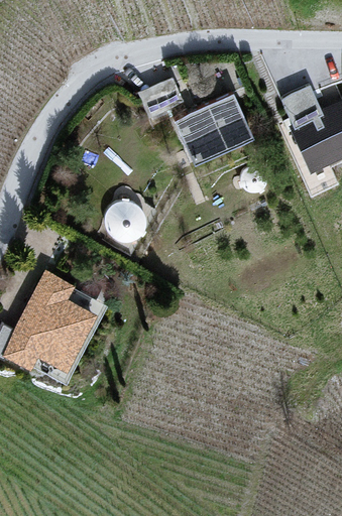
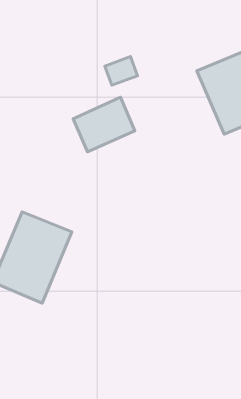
building: [177,98,254,166] -> [73,97,135,152]

